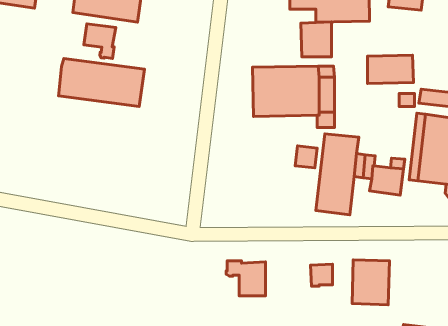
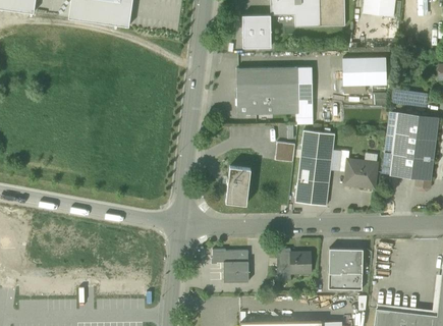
building: [301,22,331,57] -> [242,14,271,47]
building: [84,24,116,58] -> none
building: [58,58,145,107] -> none
building: none -> [226,166,251,205]
building: none -> [276,249,291,280]

